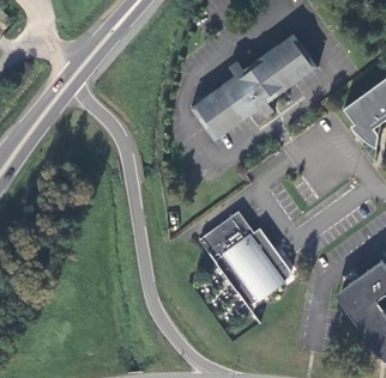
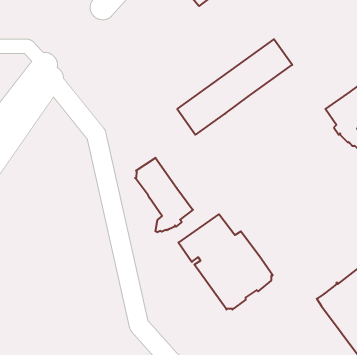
building: none -> [135,158,193,232]

